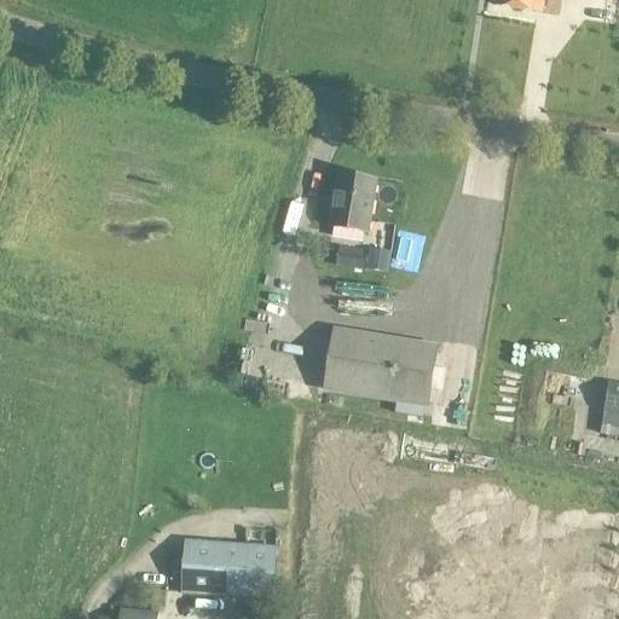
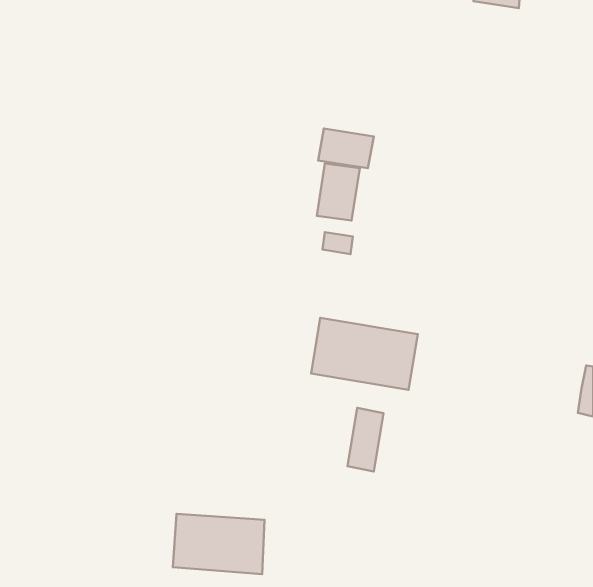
building: none -> [318,129,374,168]
building: none -> [347,408,384,472]

